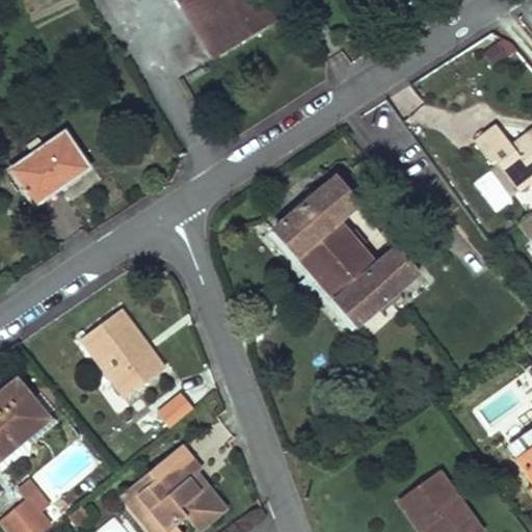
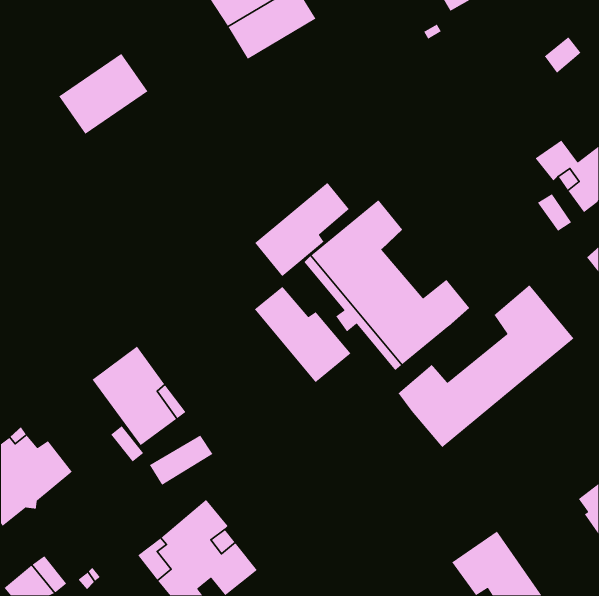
building: [9,131,89,204] -> [58,53,148,135]
building: none -> [254,182,350,277]
building: none -> [397,284,575,448]
building: none -> [254,286,351,383]

